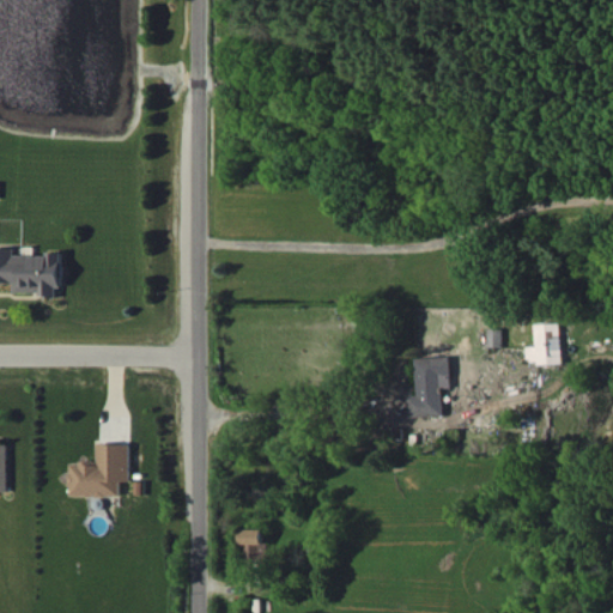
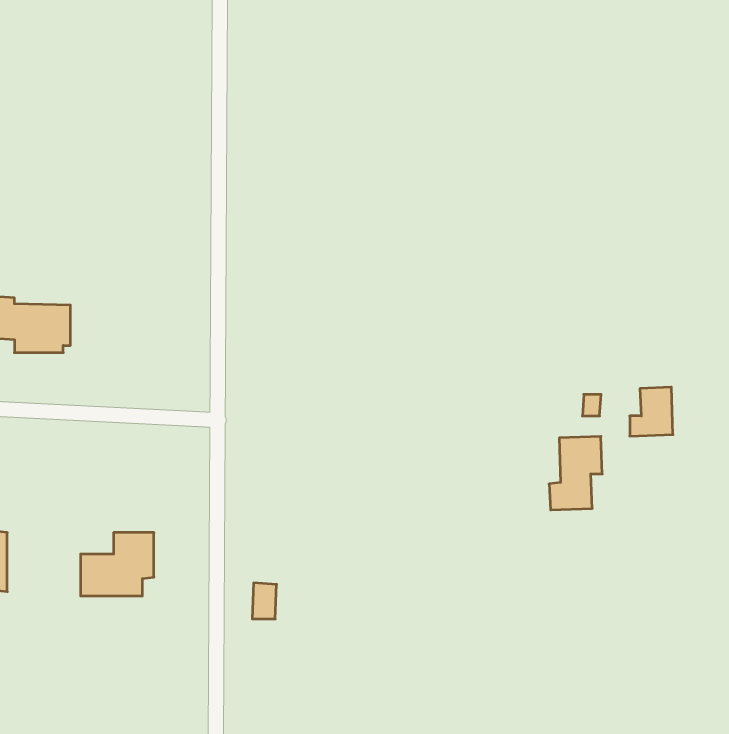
building: [405,357,449,418] -> [549,436,602,510]
building: [239,529,260,559] -> [252,583,277,619]

